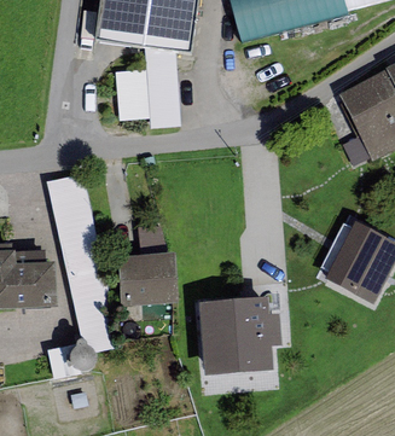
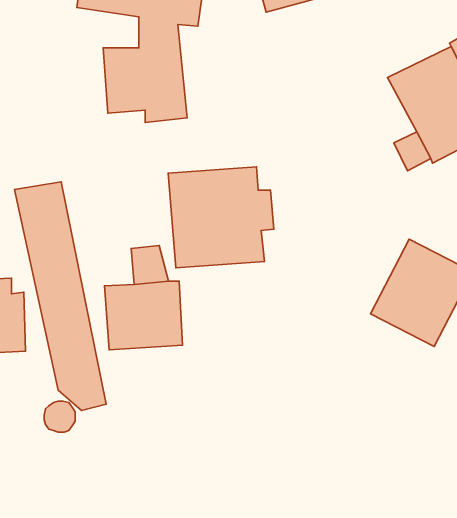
building: [198,295,280,373] -> [168,167,274,268]

